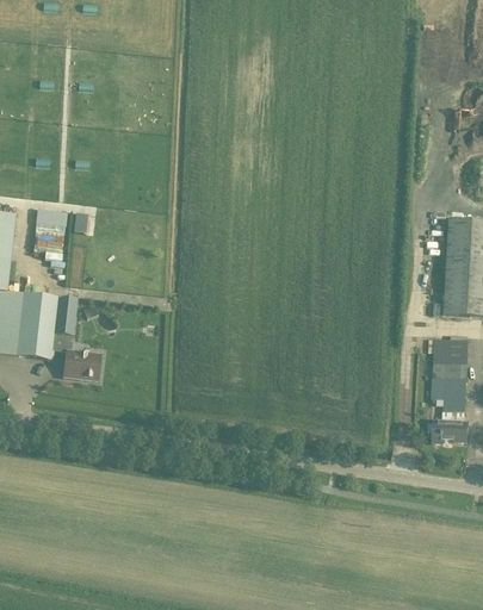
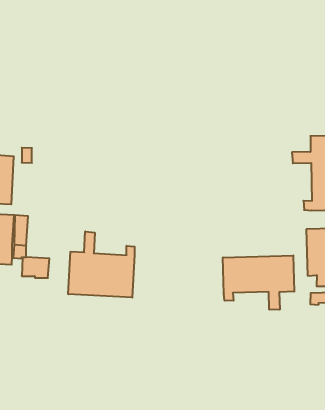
building: none -> [68,231,135,298]
building: none -> [223,255,294,310]

